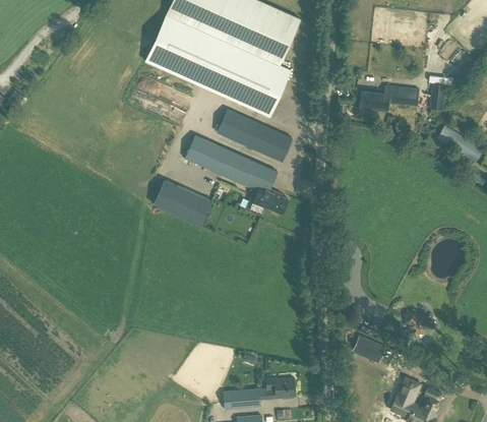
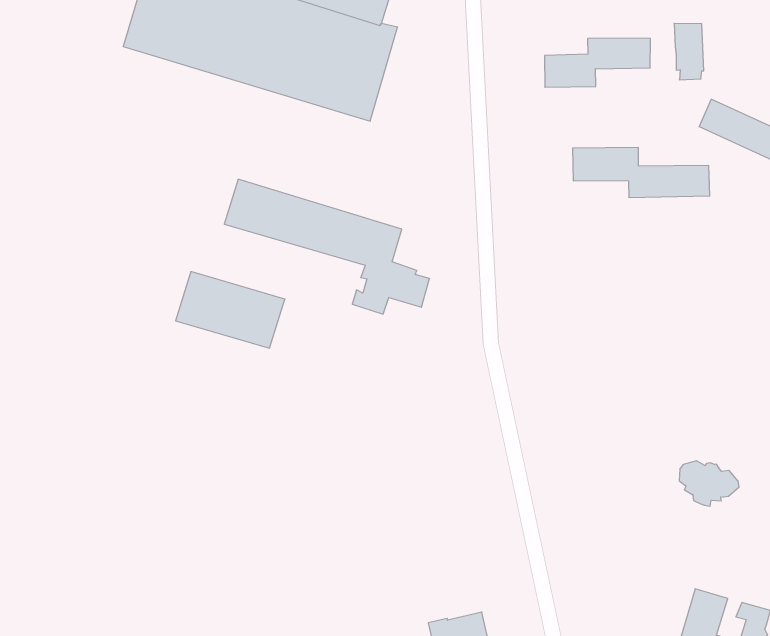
building: [217,109,293,162] -> none
building: none -> [573,147,709,198]
building: [352,335,384,362] -> none

